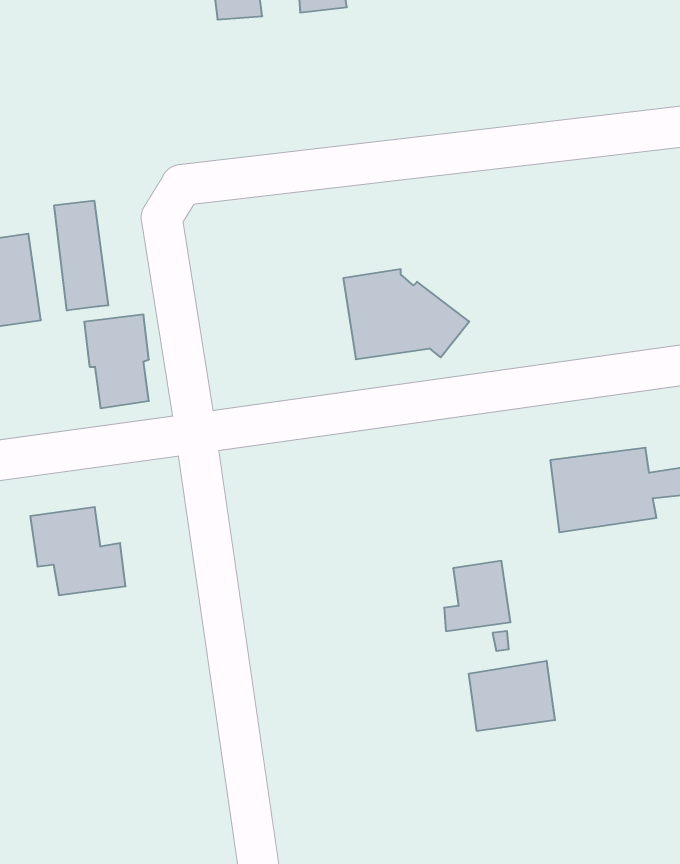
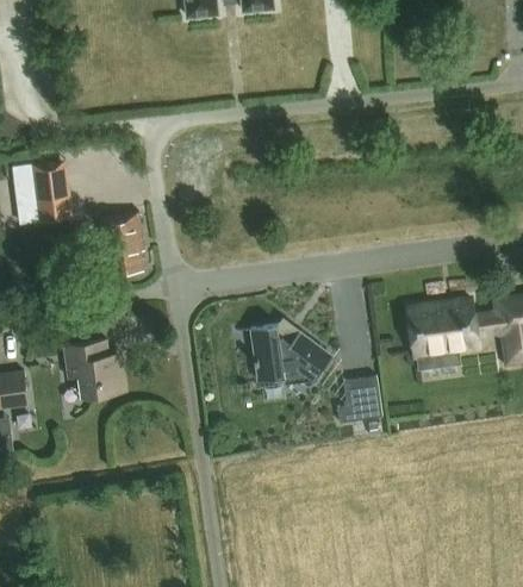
building: [54,201,108,311] -> none
building: [343,269,469,359] -> [249,323,332,382]
building: [469,661,555,731] -> none

